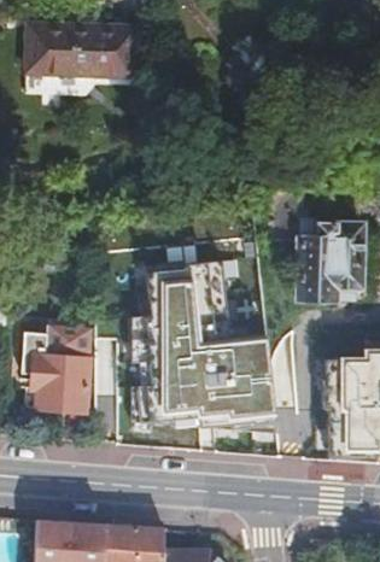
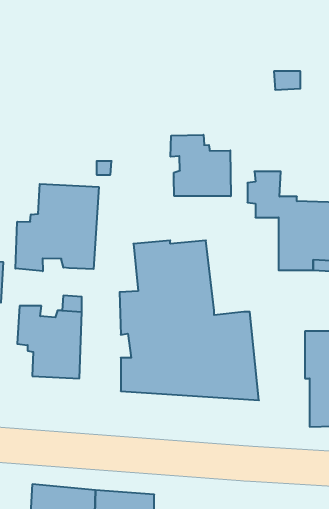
building: [28,22,136,78] -> none
building: none -> [171,135,231,196]
building: none -> [15,184,99,271]

